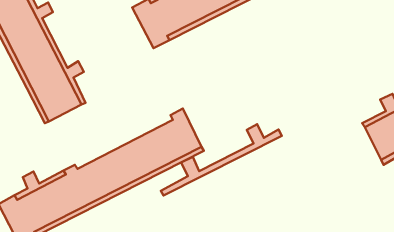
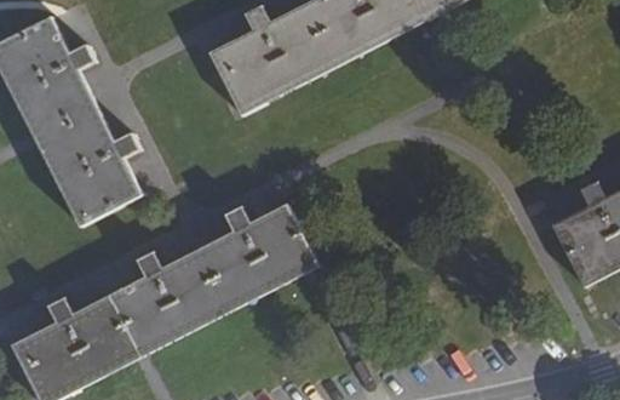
building: none -> [125,205,270,292]
building: [161,124,282,196] -> none

